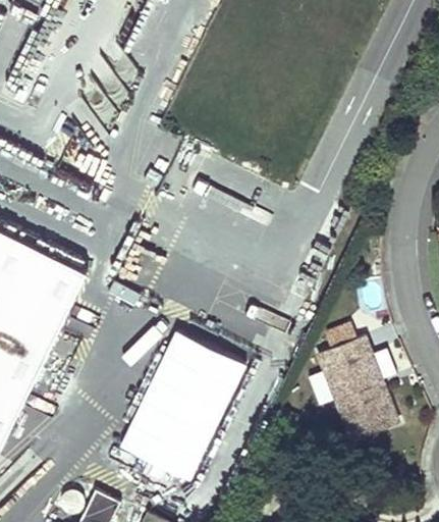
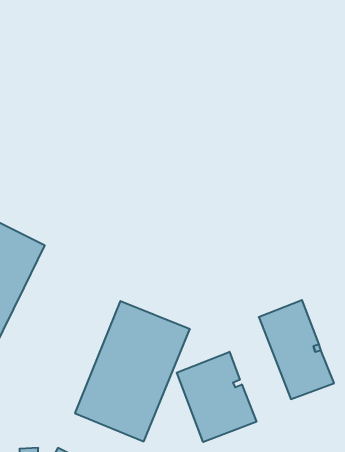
building: none -> [177,352,256,442]

